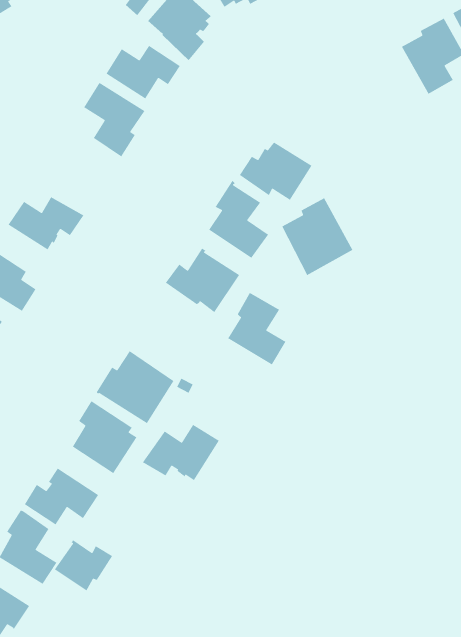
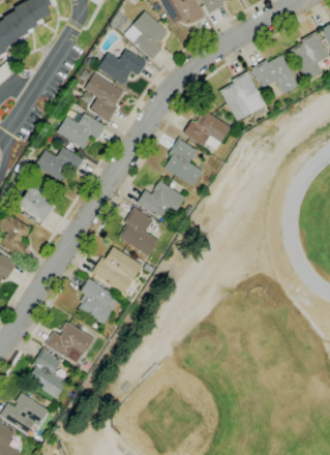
building: none -> [250,55,298,95]
building: none -> [57,113,104,149]
building: [281,197,353,276] -> [219,71,266,122]
building: [227,292,287,366] -> [118,208,156,255]
building: [142,424,220,481] -> none
building: [54,539,113,591] -> none

